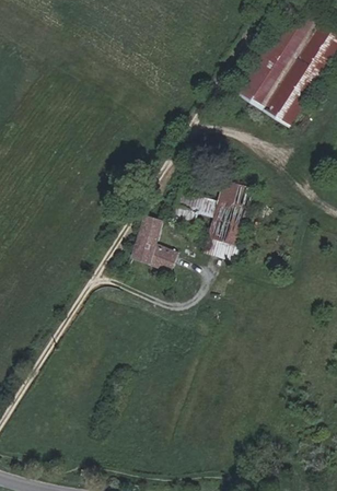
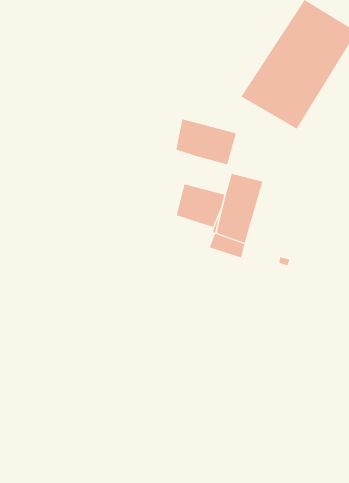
building: none -> [176,119,237,165]
building: [136,213,179,267] -> none

